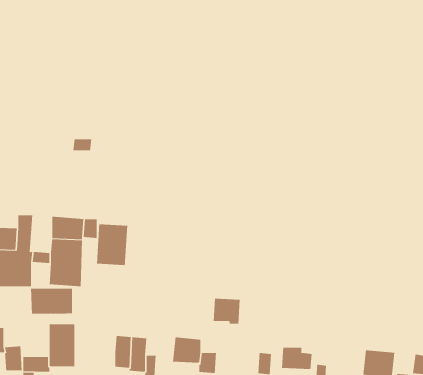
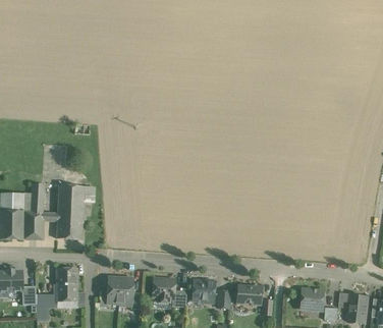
building: [96,223,128,266] -> none
building: [31,288,73,315] -> none
building: [213,298,241,324] -> [193,281,214,302]

